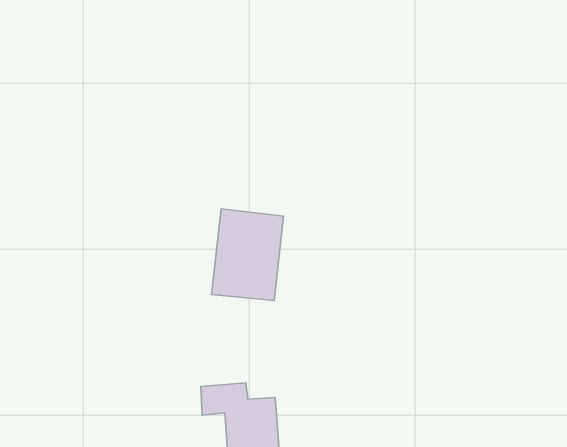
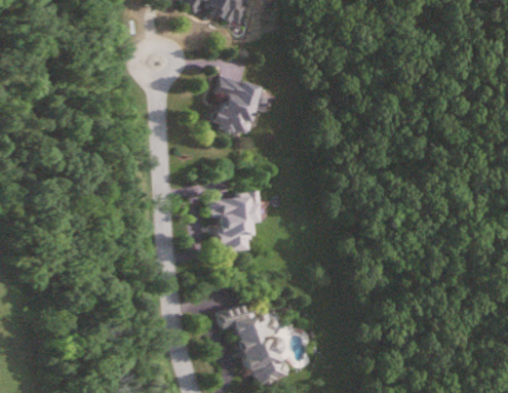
building: none -> [211,77,256,132]

